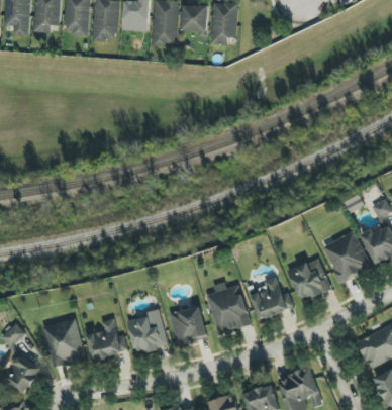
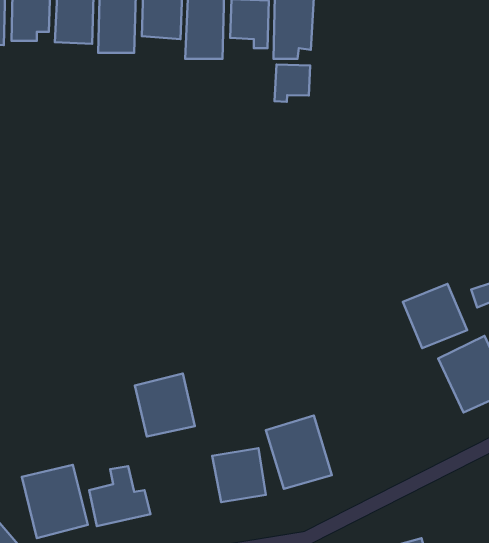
building: none -> [275,64,310,102]
building: [288,258,331,301] -> [403,284,467,348]
building: [250,277,294,319] -> none
building: [127,311,168,353] -> [135,374,195,437]

